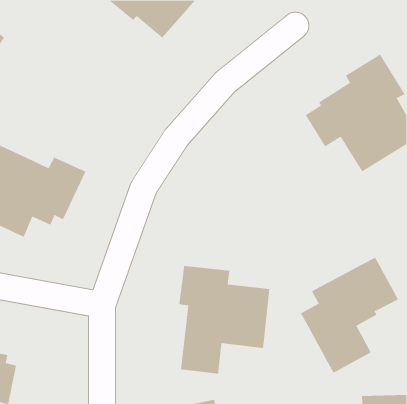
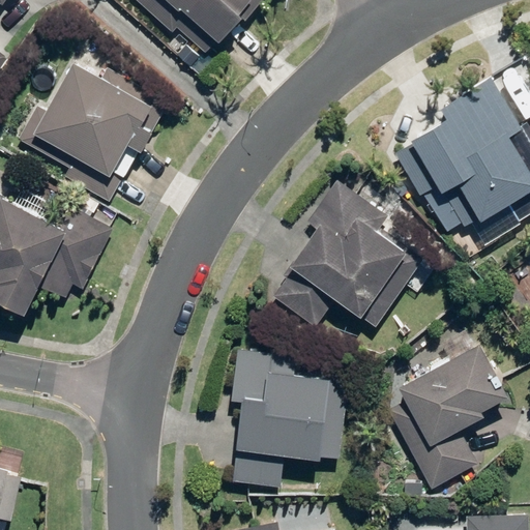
building: none -> [13,61,168,204]
building: none -> [268,182,422,333]

